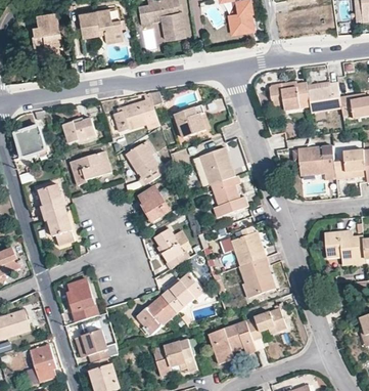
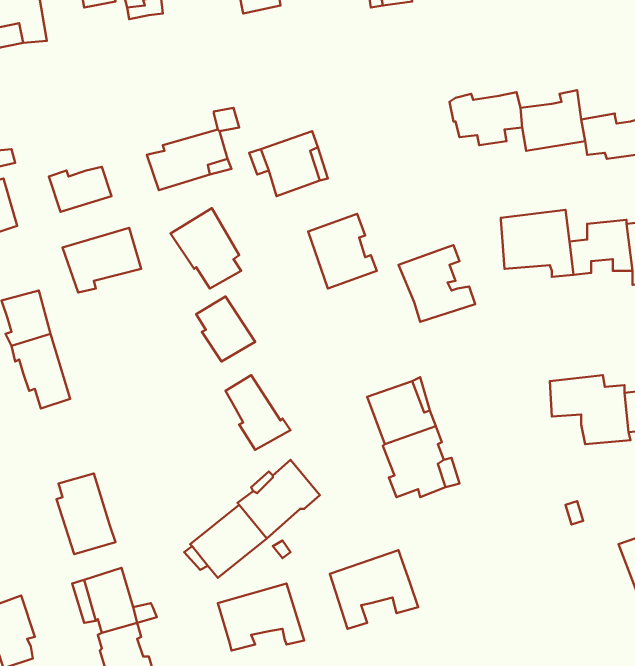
building: [207,174,247,214] -> [399,245,475,322]
building: [245,306,284,338] -> none

